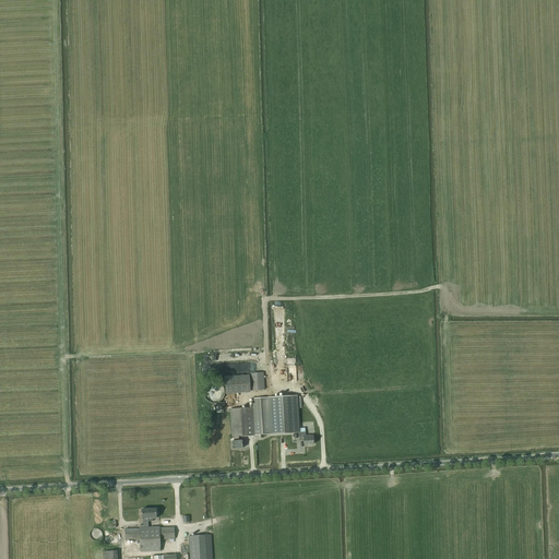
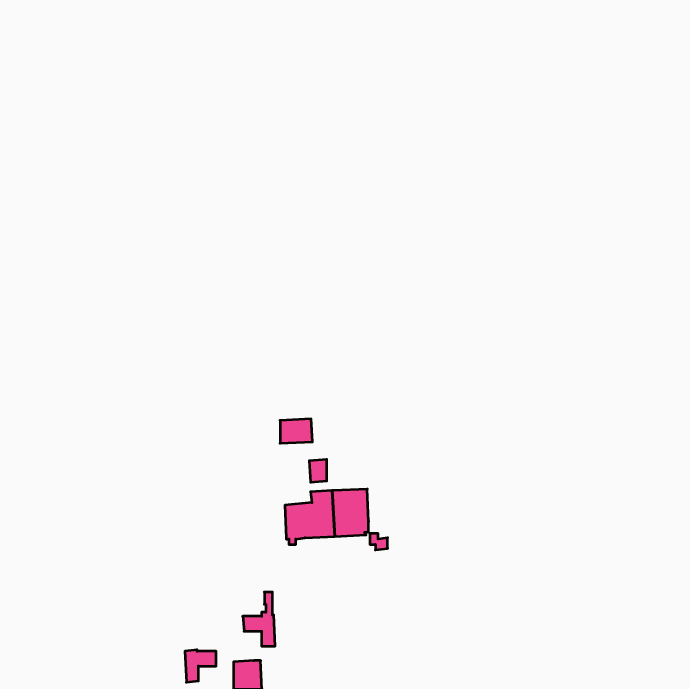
building: [223,373,249,393] -> [280,419,312,443]
building: [124,508,151,551] -> [243,592,275,646]

